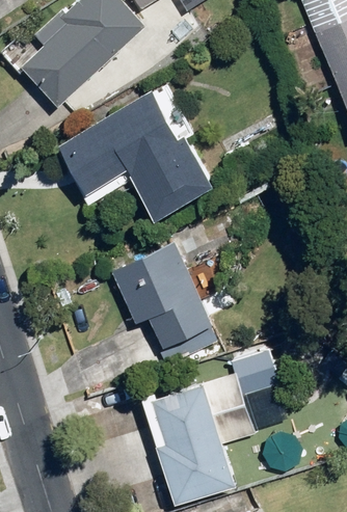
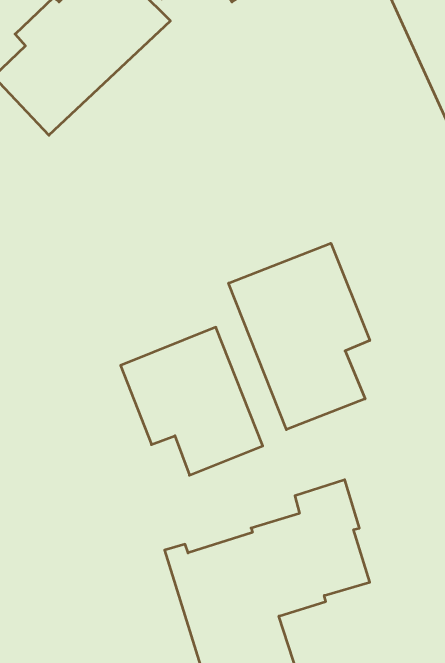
building: [56,86,211,217] -> none
building: none -> [229,243,370,430]

